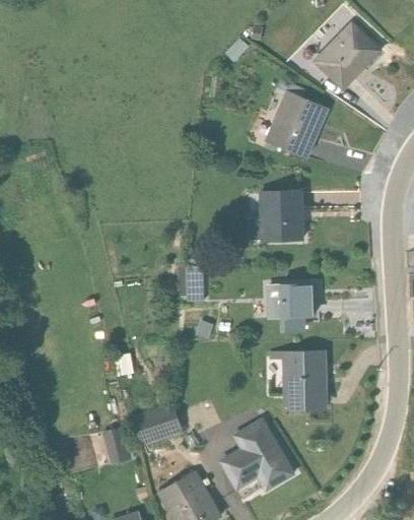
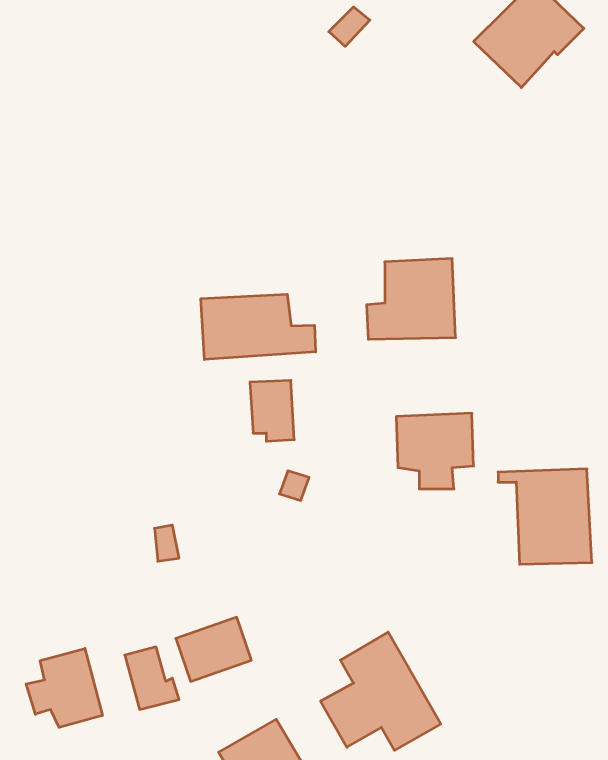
building: [265,75,324,155] -> none
building: none -> [201,294,316,360]
building: [270,354,328,413] -> [498,469,592,564]
building: none -> [26,648,102,727]

